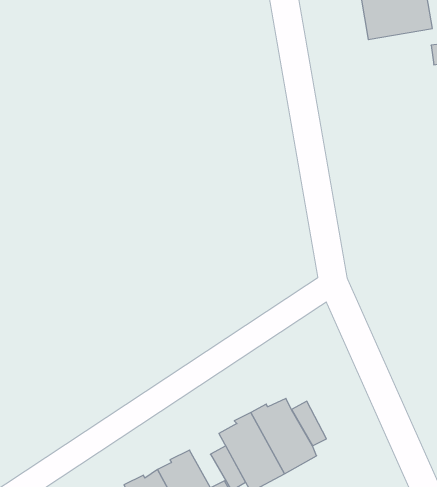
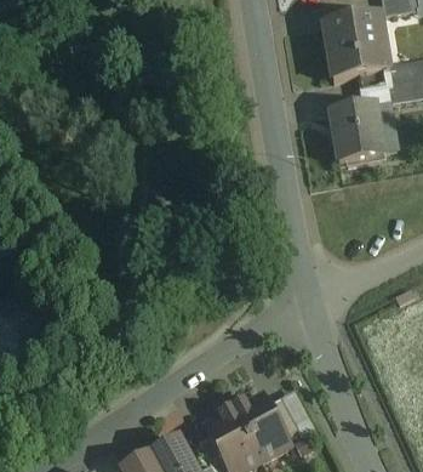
building: none -> [330,102,384,163]

